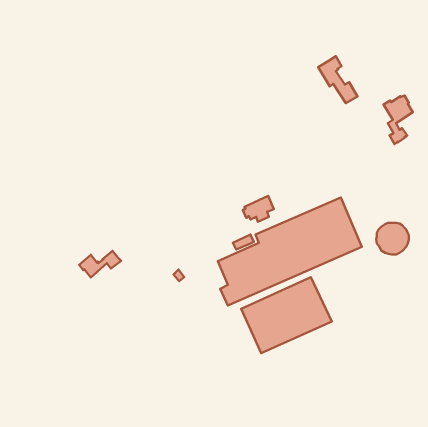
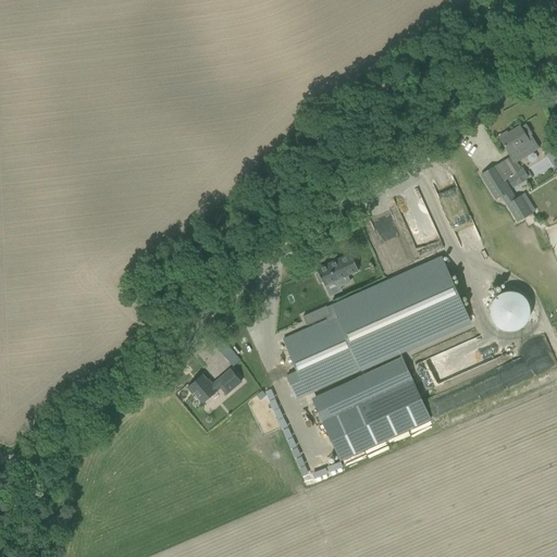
building: [318,56,357,103] -> [481,160,532,221]
building: [79,251,121,278] -> [187,368,242,403]

